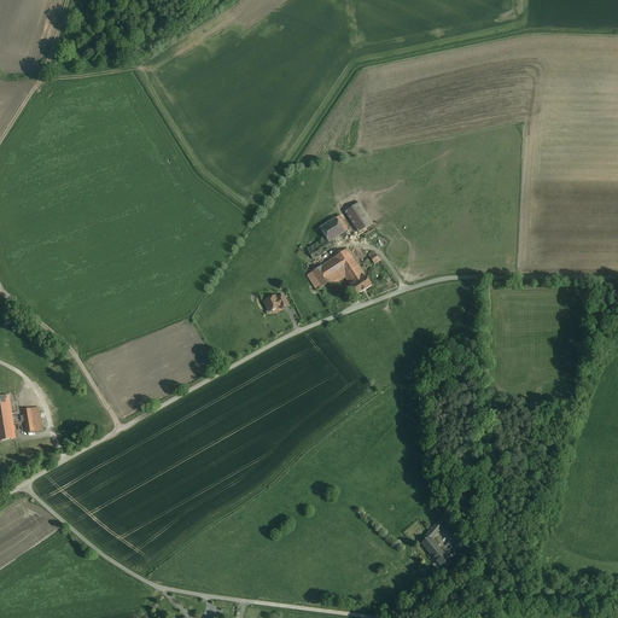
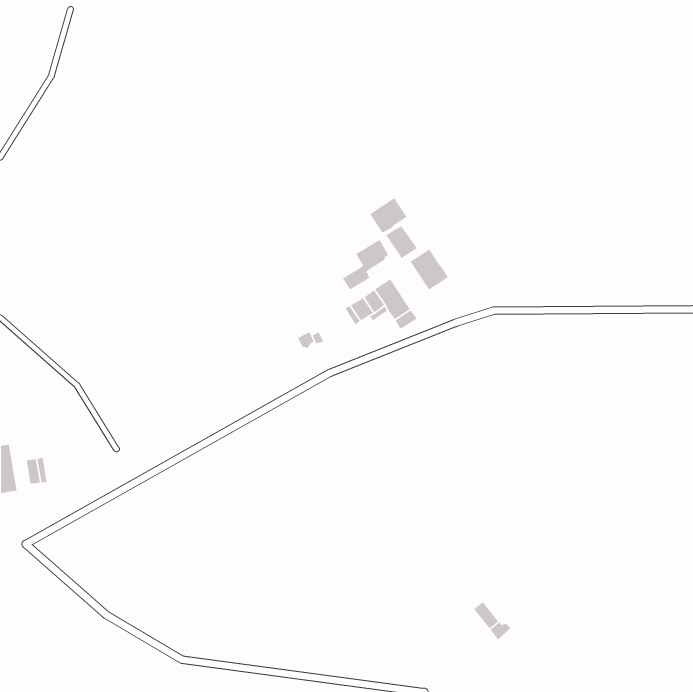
building: none -> [369,197,407,234]
building: none -> [410,248,449,291]

